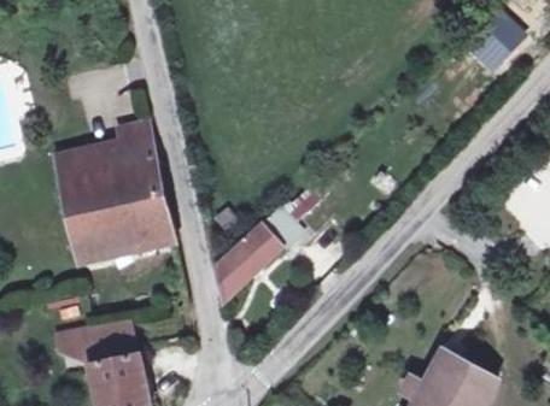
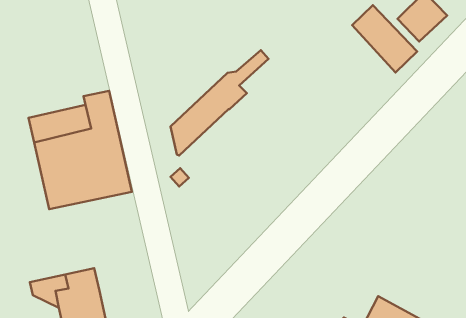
building: none -> [352,5,417,72]
building: [215,182,324,300] -> [170,50,268,155]

